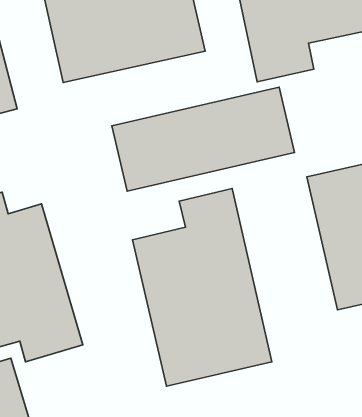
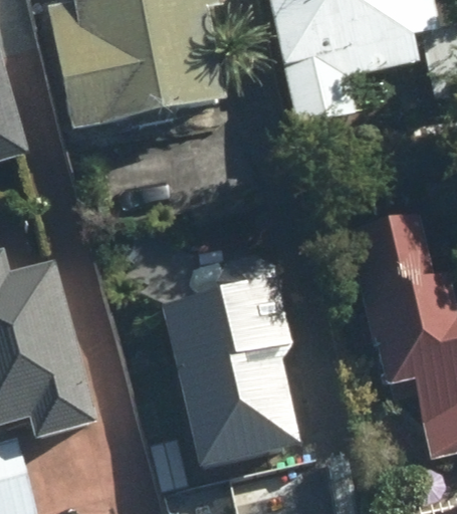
building: [112,87,295,191] -> none

